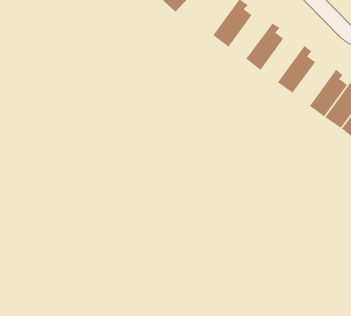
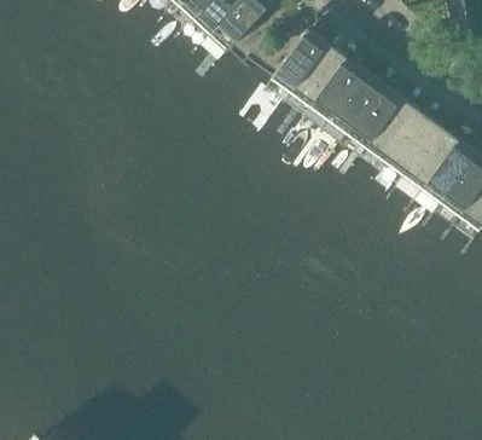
building: none -> [291,46,342,103]
building: none -> [329,74,379,131]
building: none -> [366,102,417,158]

